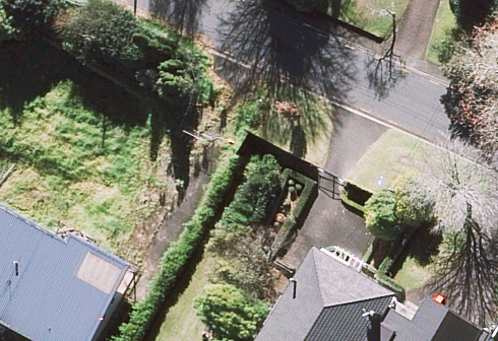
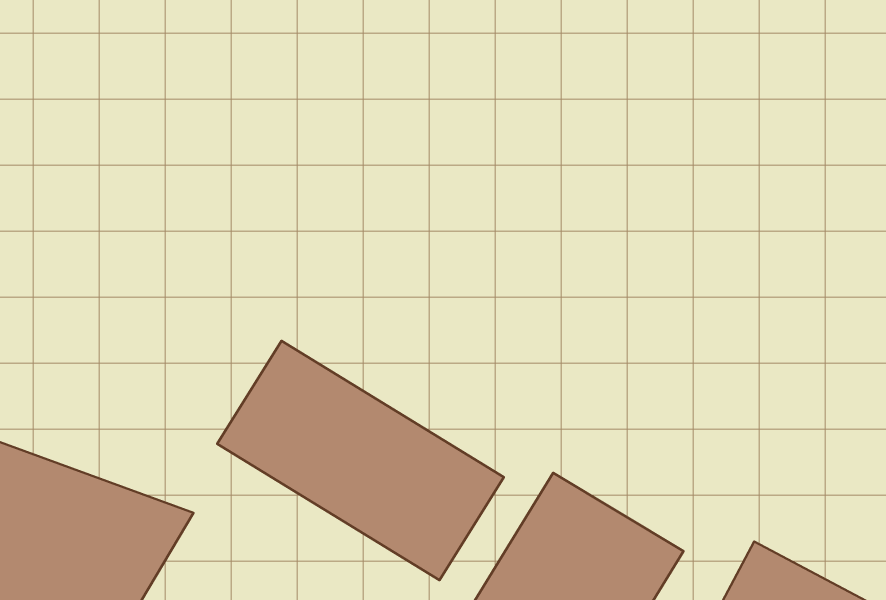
building: none -> [217,341,504,580]

